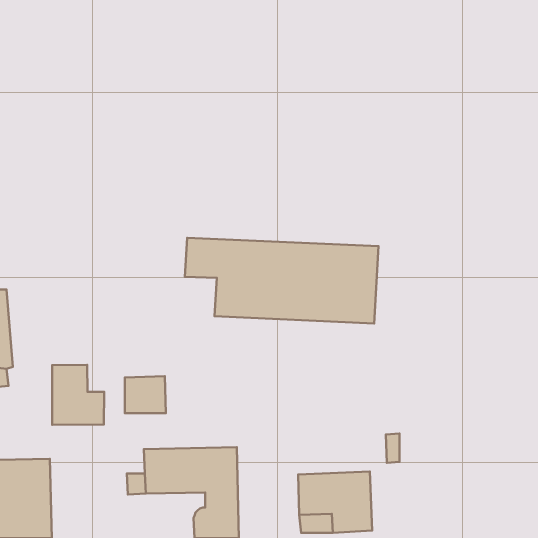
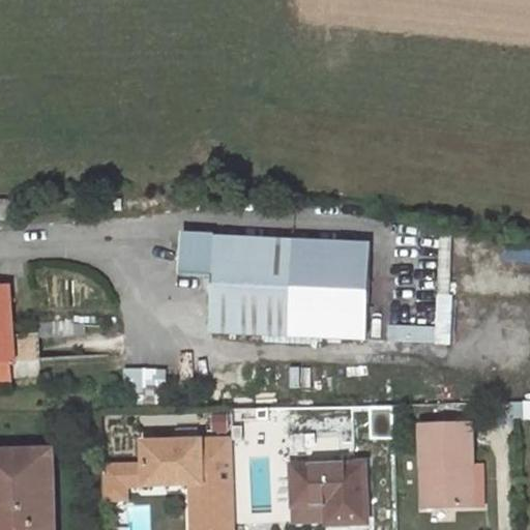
building: none -> [209,310,366,338]
building: [52,365,104,425] -> none
building: none -> [419,423,473,505]
building: none -> [100,464,125,498]

